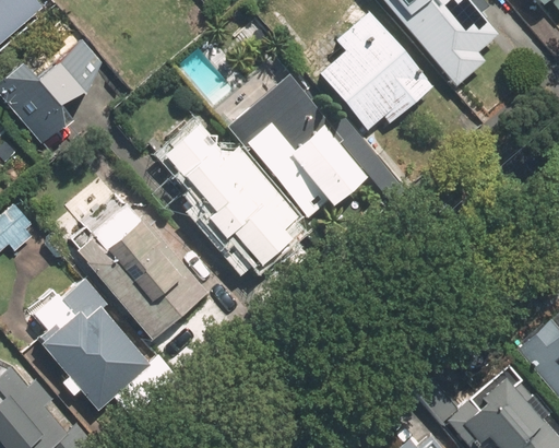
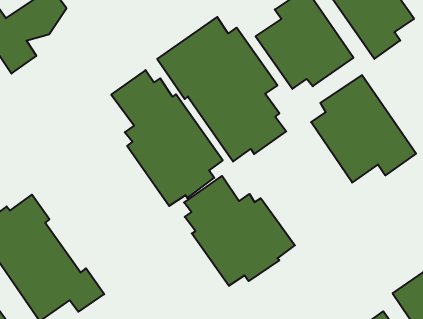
building: none -> [311,75,416,183]
building: [74,192,209,338] -> none
building: none -> [184,176,295,286]

